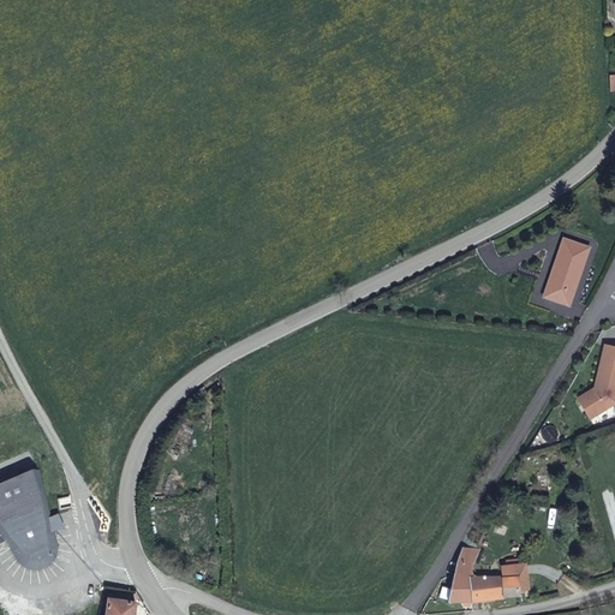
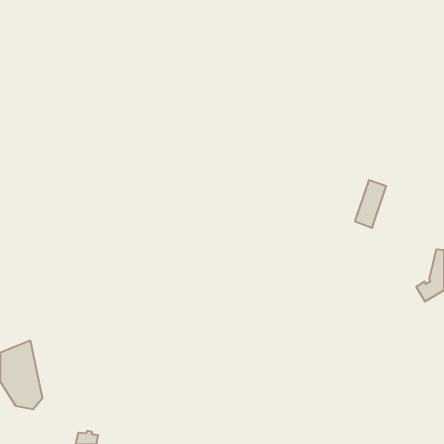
building: [544,239,587,305] -> [355,180,386,228]
building: [447,548,529,602] -> none

